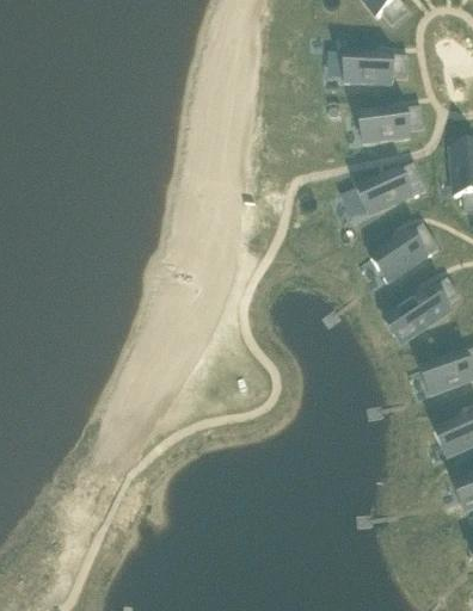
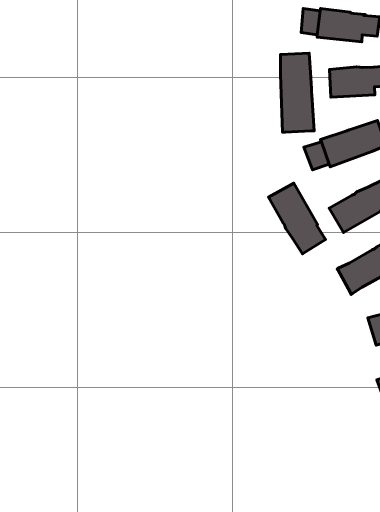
building: none -> [280,53,314,132]
building: none -> [268,183,325,254]

